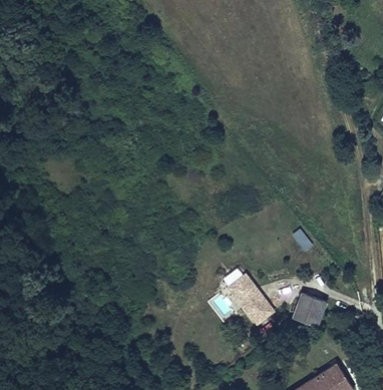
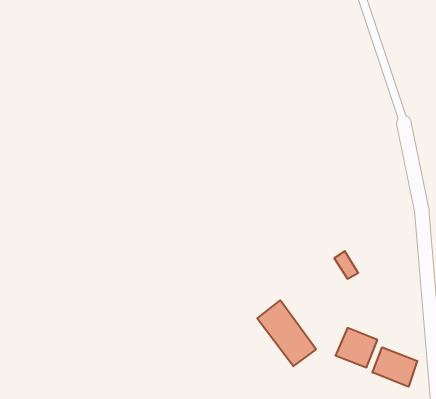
building: none -> [372,347,417,387]

